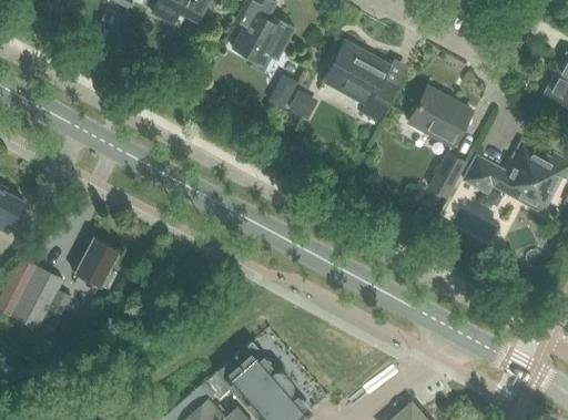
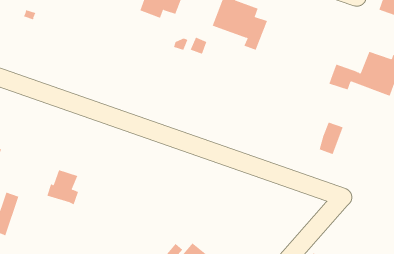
building: [410,89,473,147] -> none
building: [430,154,467,198] -> [319,122,343,155]
building: [13,267,72,329] -> none

